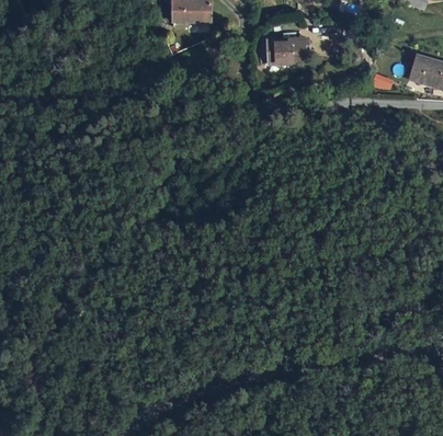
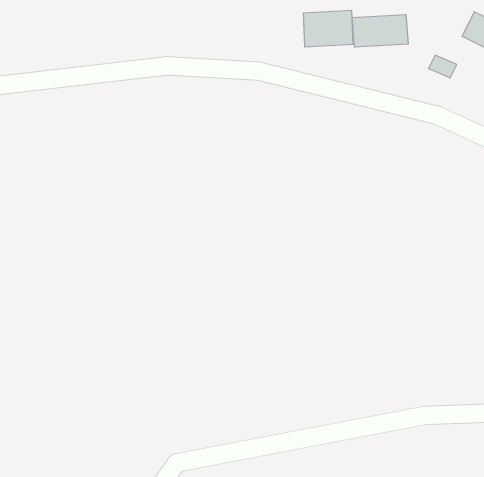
building: none -> [352,14,408,47]

